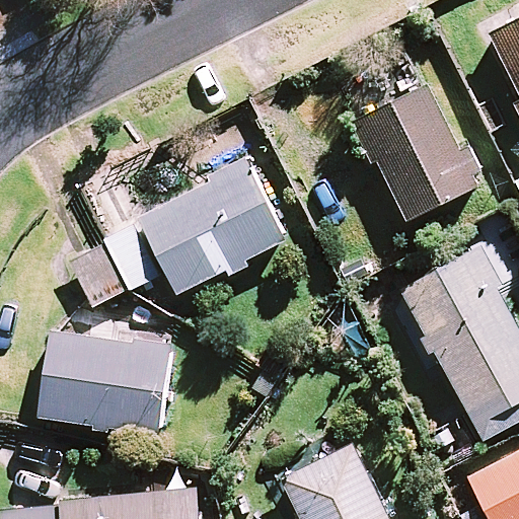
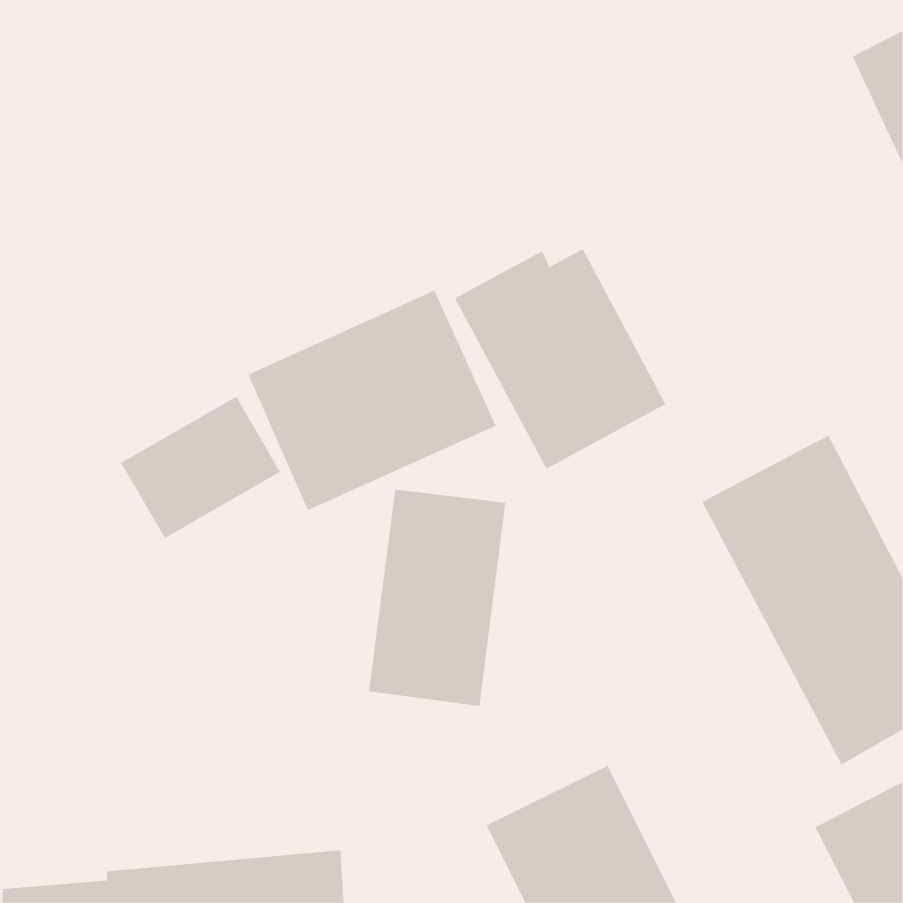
building: [355,94,476,221] -> [454,249,666,469]
building: none -> [368,489,506,707]
building: [39,329,169,433] -> none

